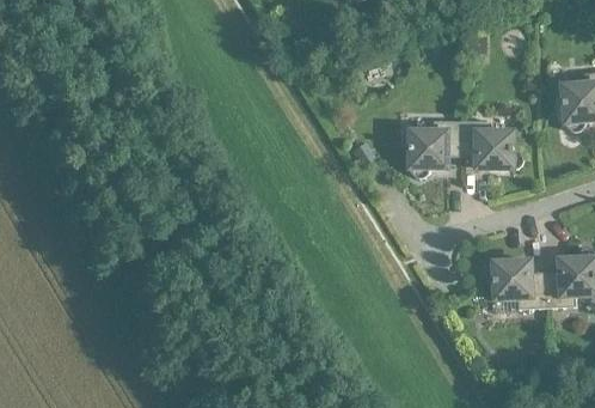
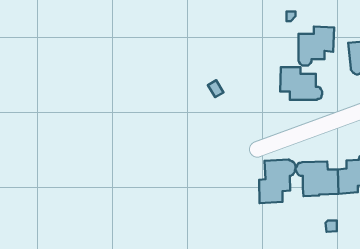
building: [409,118,461,176] -> [298,27,334,66]
building: none -> [259,160,296,203]

